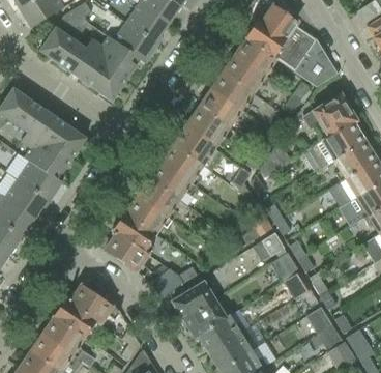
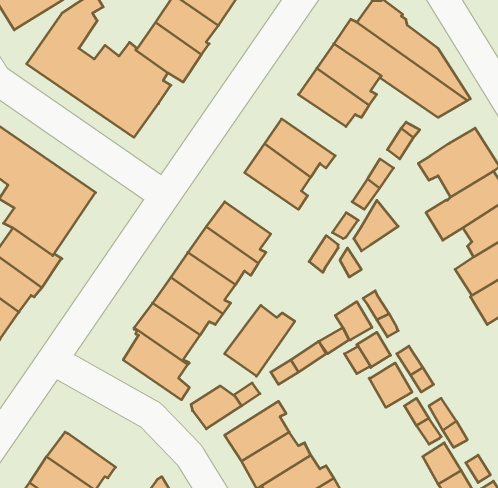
building: [211,70,255,112] -> none
building: [173,123,223,165] -> none
building: none -> [225,305,295,376]
building: [67,284,119,322] -> none

